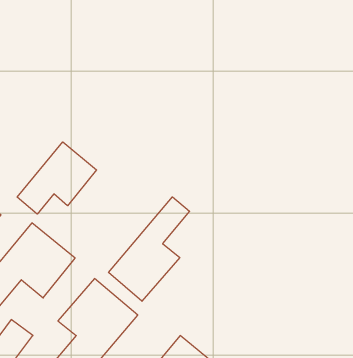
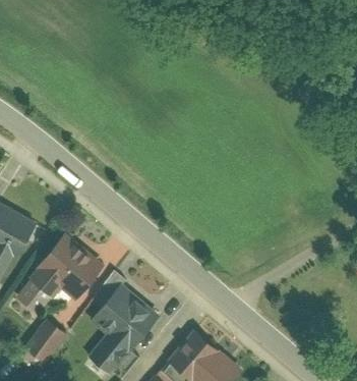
building: [17,142,97,214] -> none
building: [109,197,190,301] -> none

